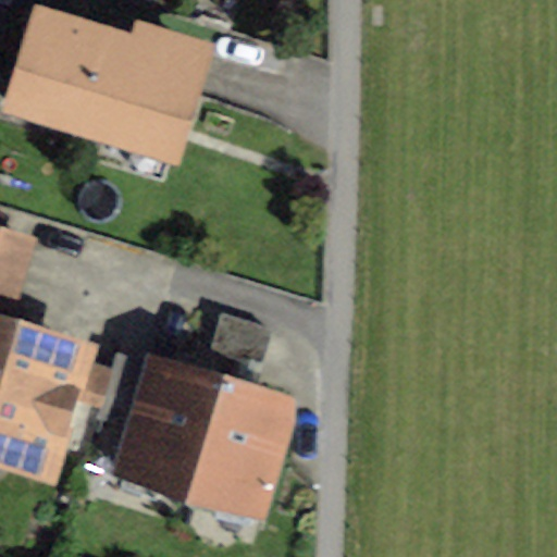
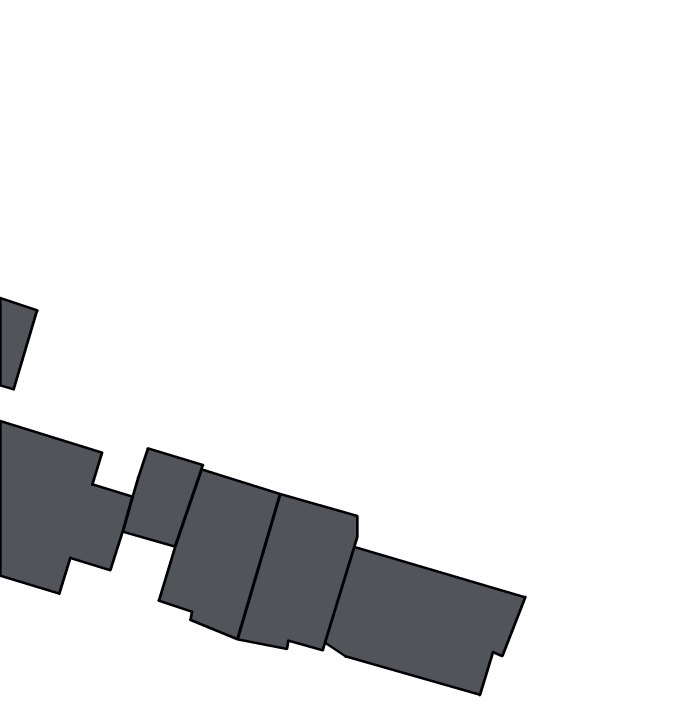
building: [23,23,206,137] -> none
building: none -> [325,547,525,695]

